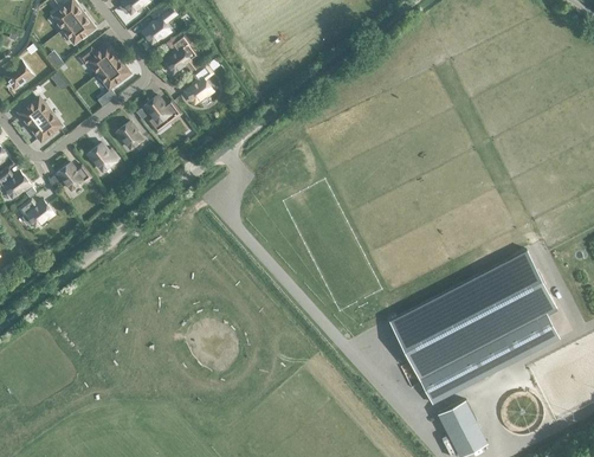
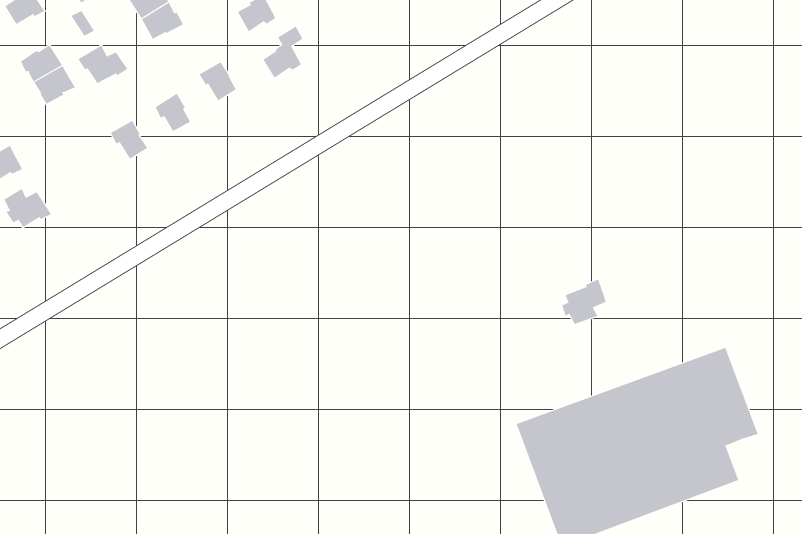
building: [54,162,90,189] -> [77,45,128,84]
building: none -> [561,279,607,325]

